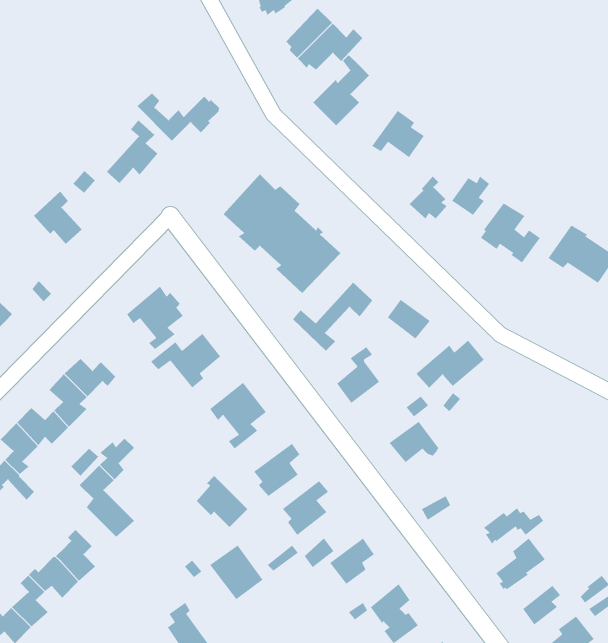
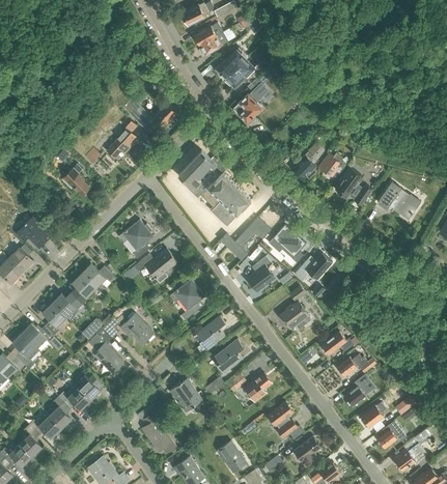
building: [371,110,425,158] -> none
building: none -> [320,333,353,355]
building: [196,475,248,528] -> [120,313,152,345]

